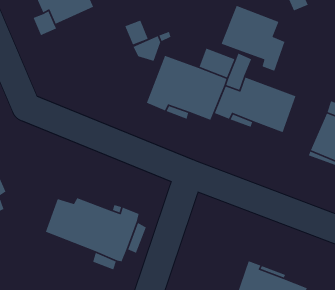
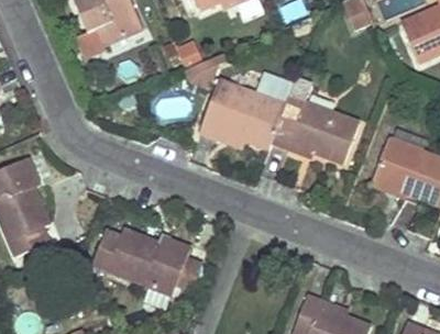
building: [221,5,286,72] -> none

